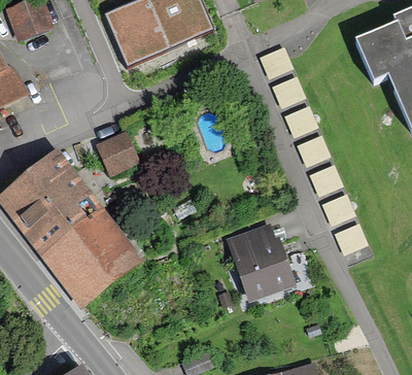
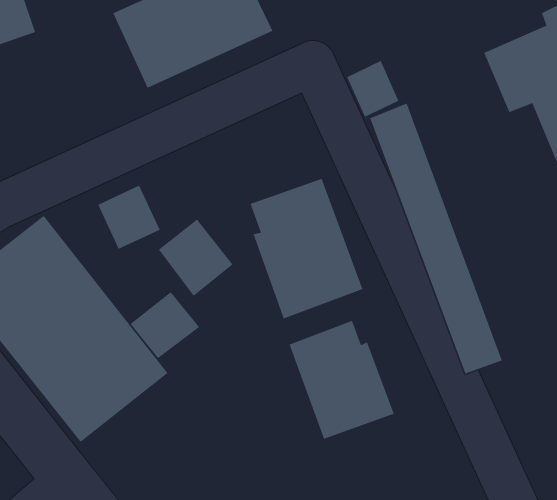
building: none -> [250,178,364,319]
building: none -> [158,218,233,297]
building: none -> [130,291,200,359]

